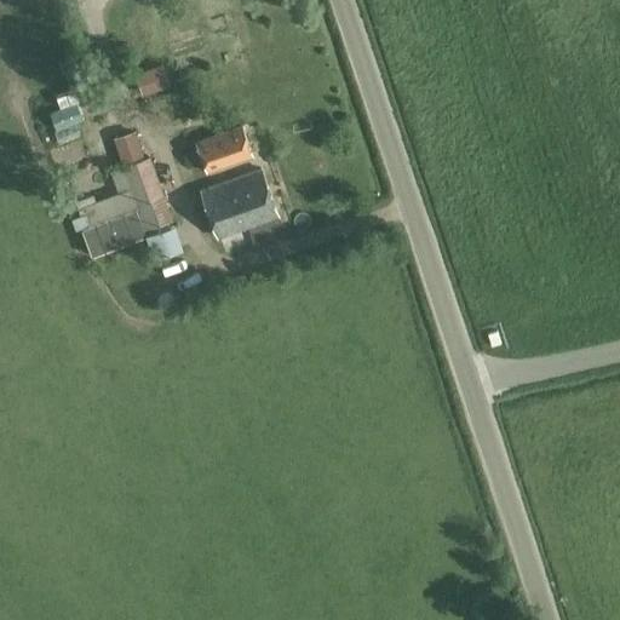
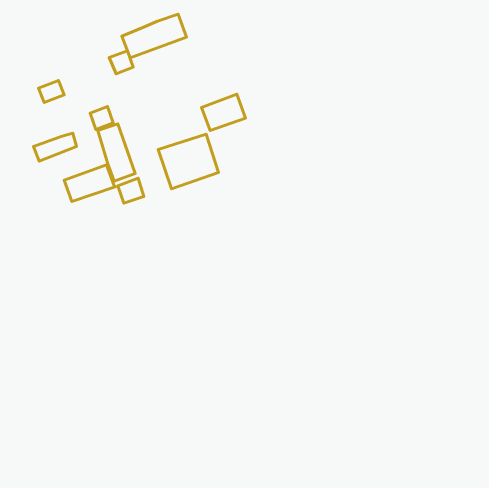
building: none -> [122,14,186,58]
building: [195,125,251,171] -> [201,94,245,131]
building: [81,191,136,226] -> [33,133,77,161]

